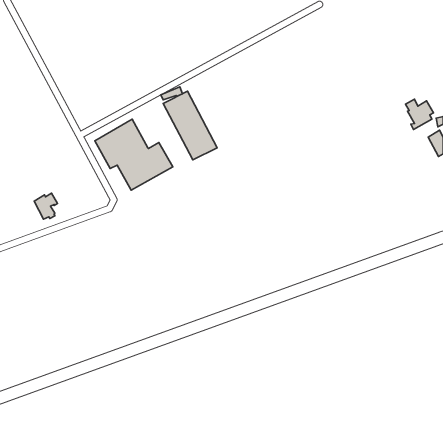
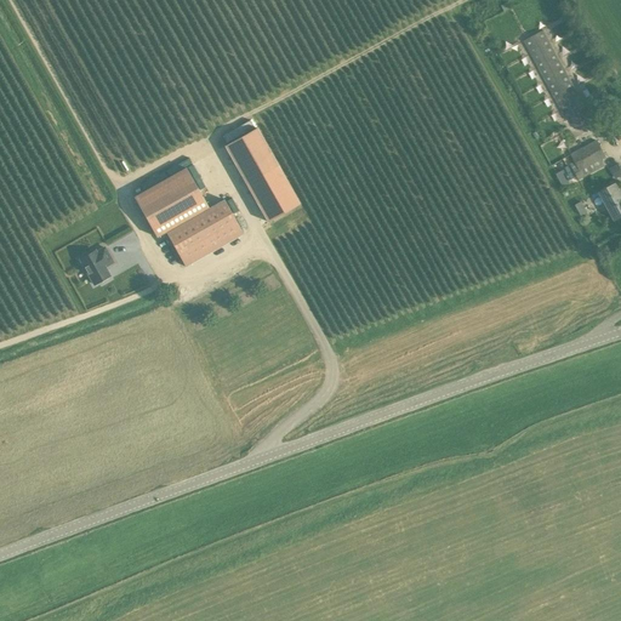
building: none -> [523,29,587,130]
building: [34,193,58,219] -> [79,247,112,284]

